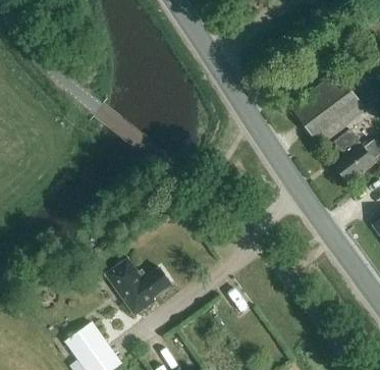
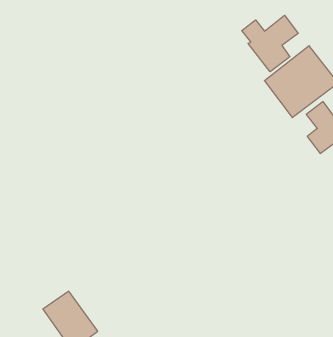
building: none -> [242,15,298,72]
building: [107,258,173,315] -> none

